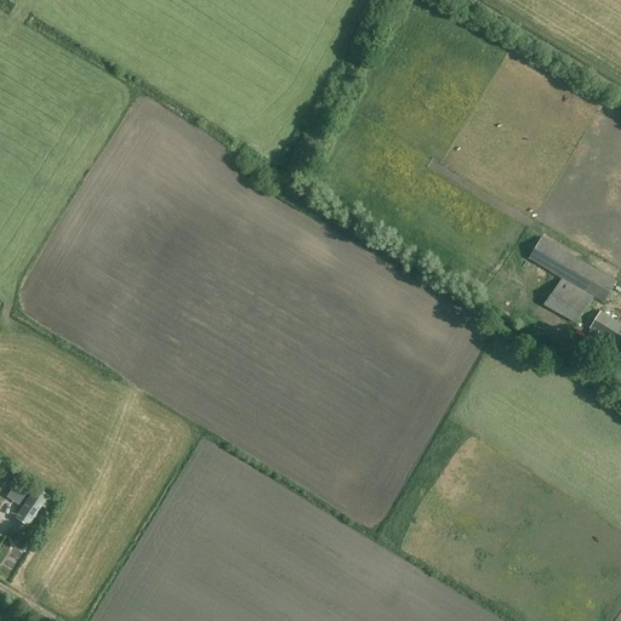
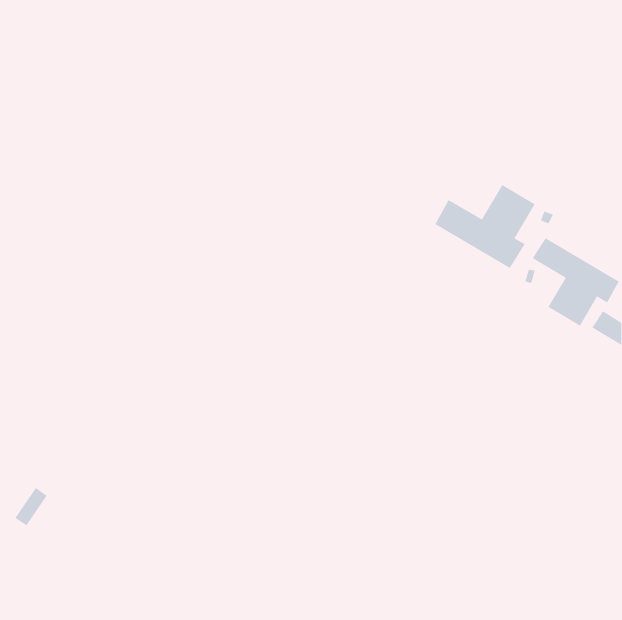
building: none -> [435,184,536,269]

